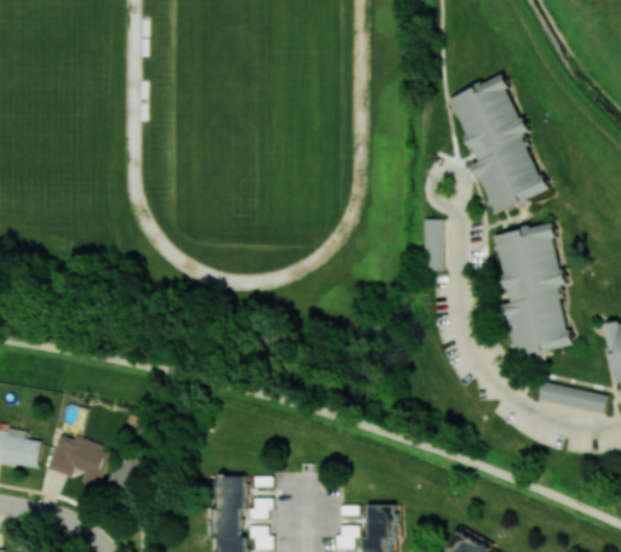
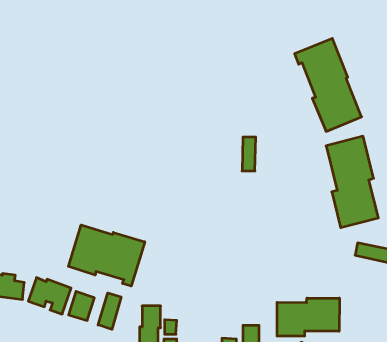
building: [422,220,443,271] -> [242,137,256,171]
building: none -> [68,225,145,286]
building: none -> [98,293,121,329]
building: none -> [277,298,339,336]

